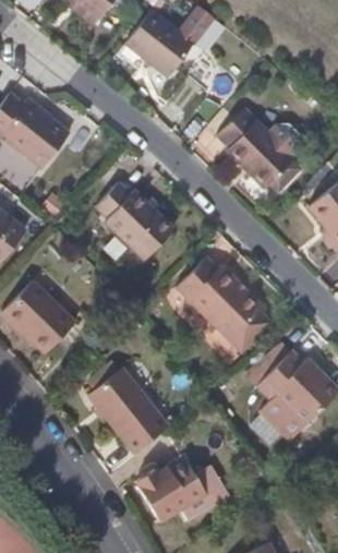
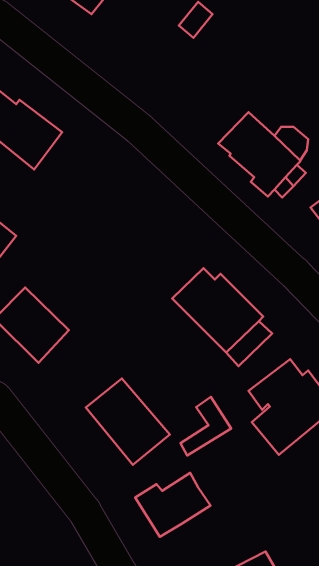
building: [120,10,191,77] -> none
building: [96,176,170,253] -> none
building: [183,466,232,522] -> [181,397,231,455]

